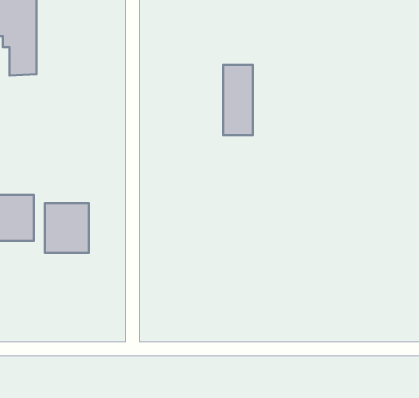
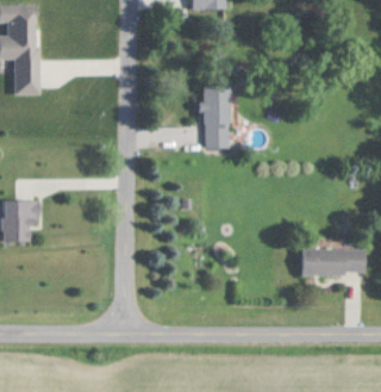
building: [45,203,89,253] -> none
building: none -> [300,248,363,274]

